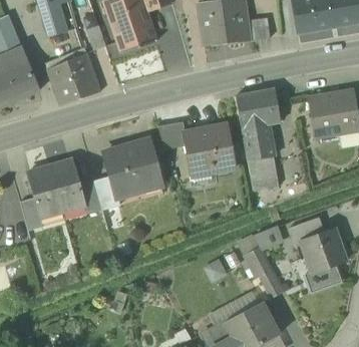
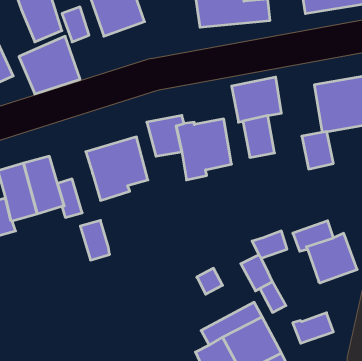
building: [251,156,279,190] -> [302,132,333,169]
building: [93,175,119,210] -> [80,220,110,260]
building: [305,264,341,291] -> [293,313,333,343]

